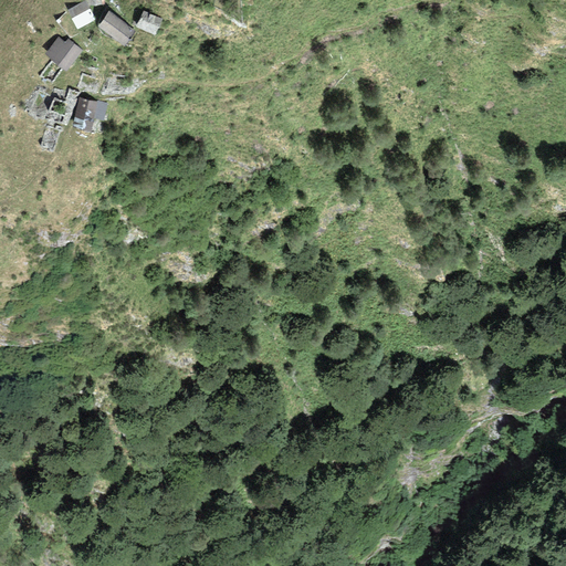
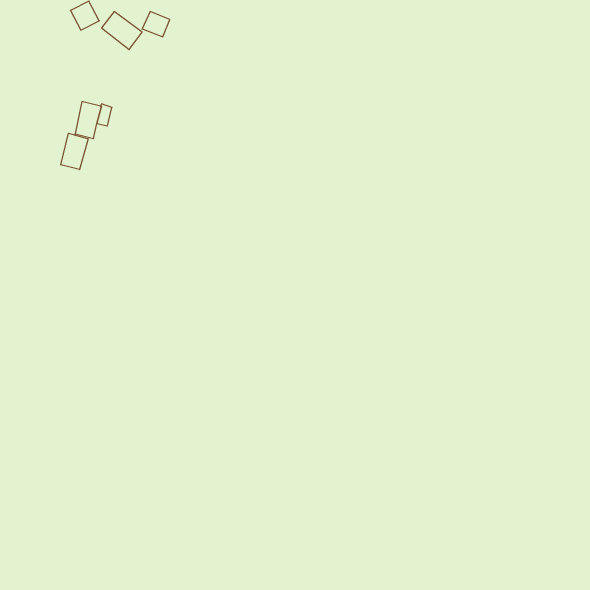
building: [44,36,83,72] -> none
building: none -> [61,133,88,170]

